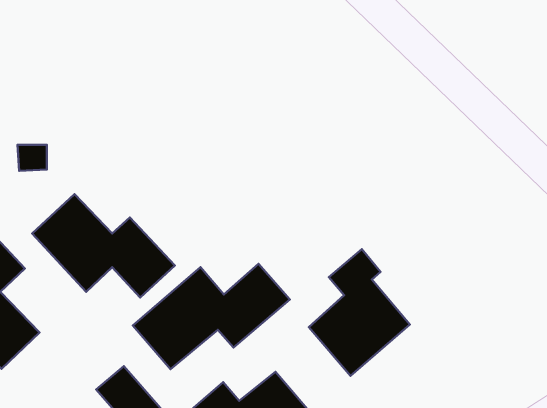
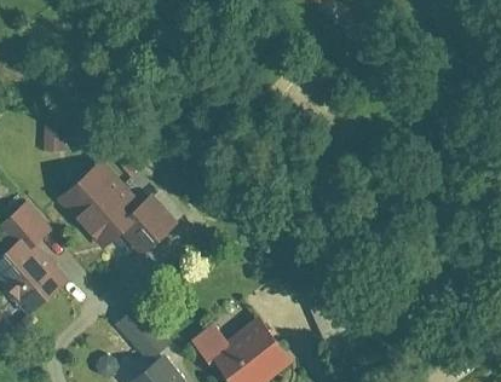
building: [309,249,410,376] -> none
building: [133,264,290,369] -> none

